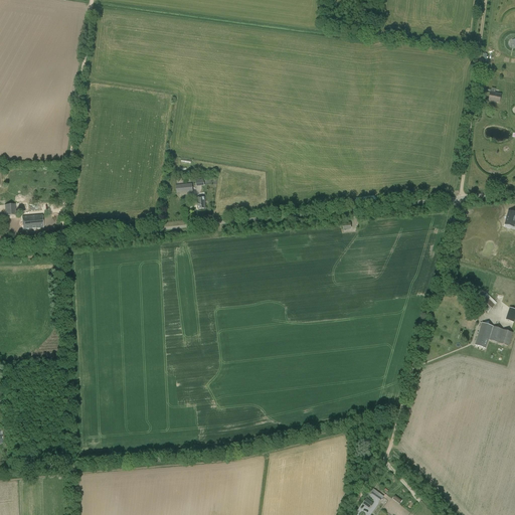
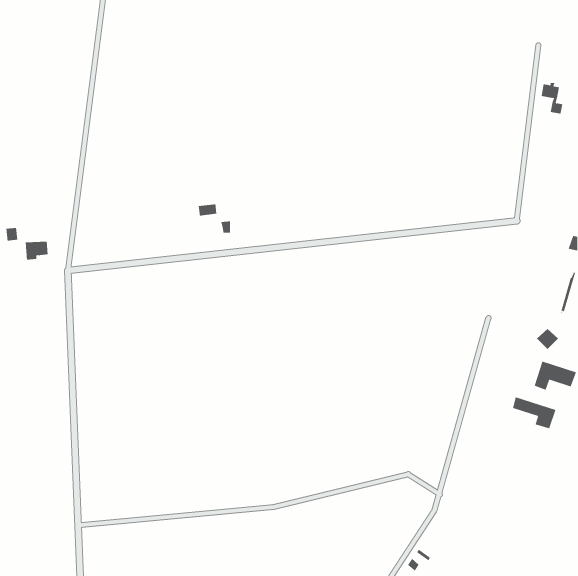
building: none -> [513,396,556,429]

